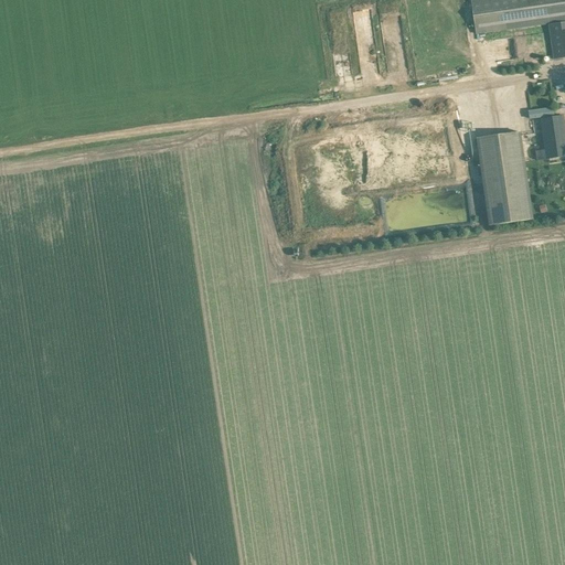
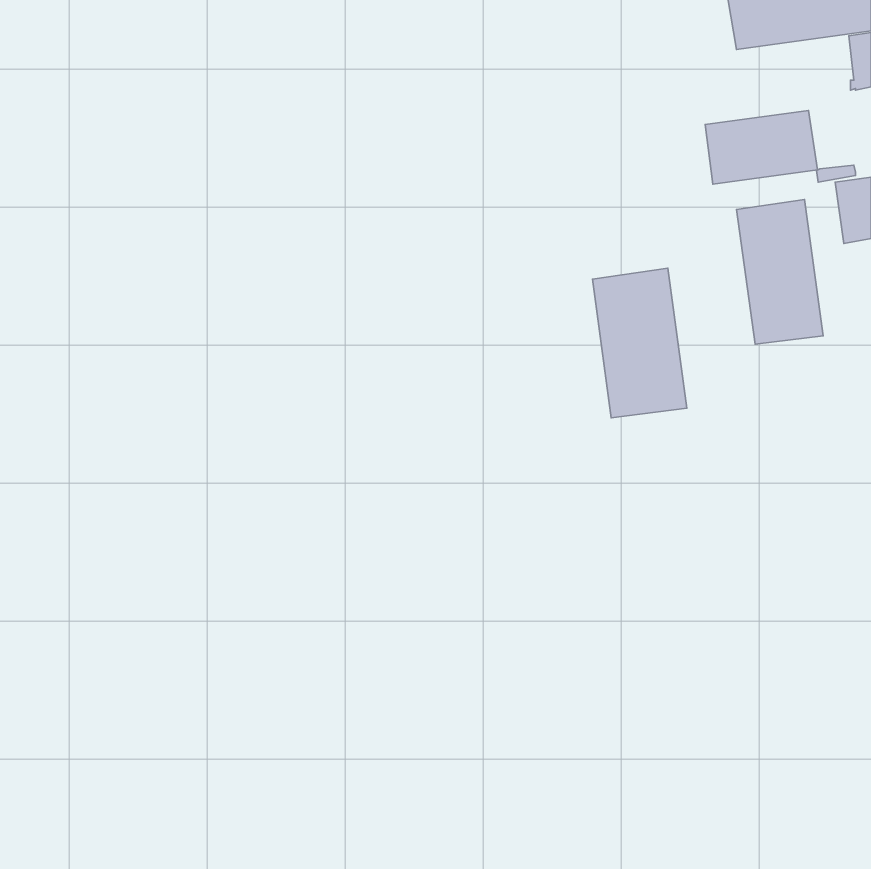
building: none -> [705,110,817,184]
building: none -> [592,268,687,418]

